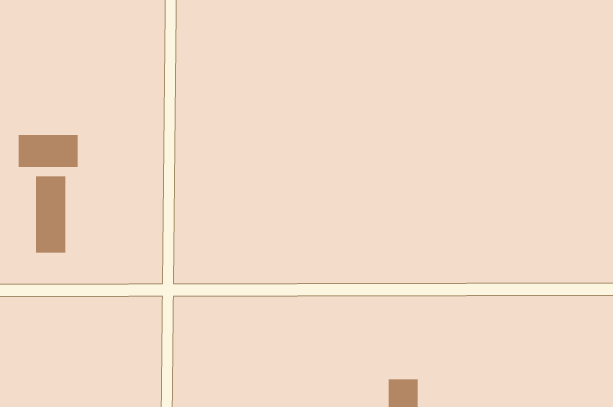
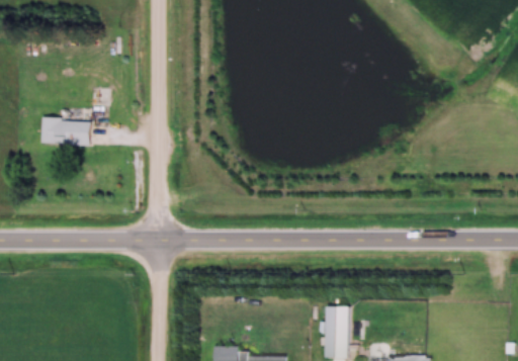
building: [36,176,66,253] -> none

